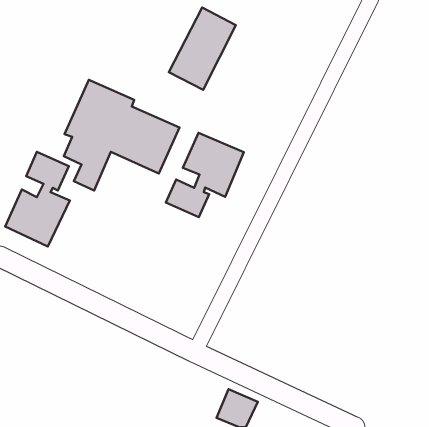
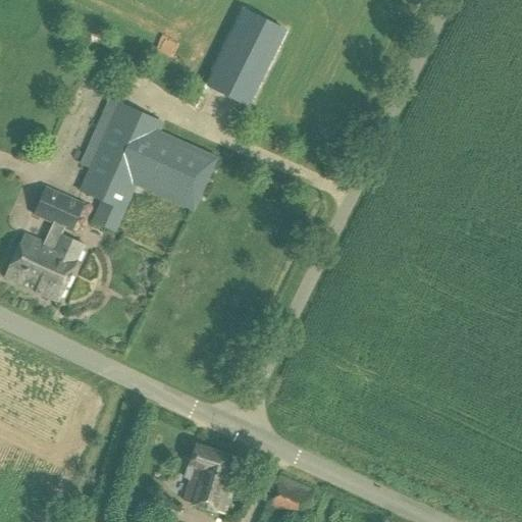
building: [166,133,244,217] -> none
building: none -> [181,442,244,514]

